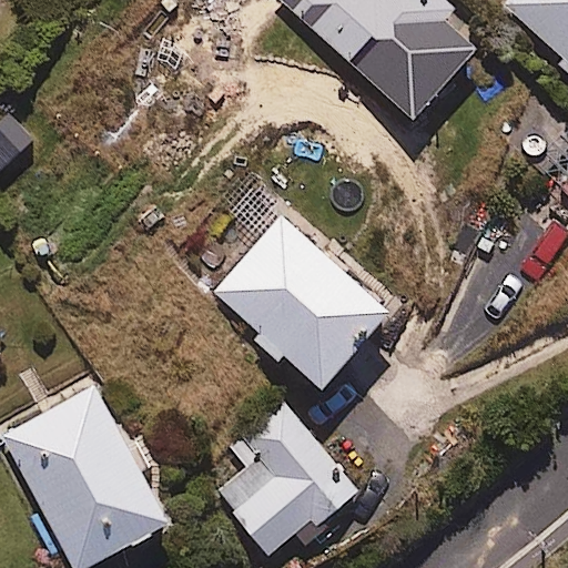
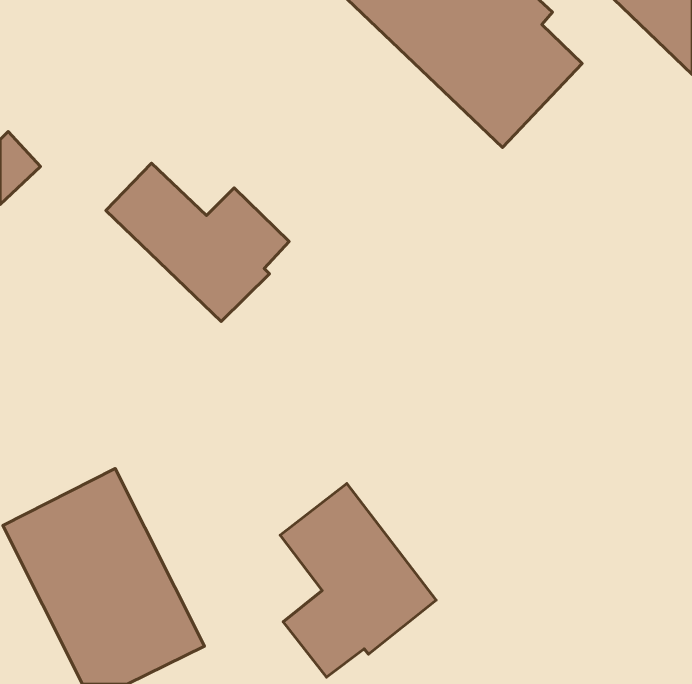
building: none -> [106,163,289,321]
building: [211,214,390,392] -> none

